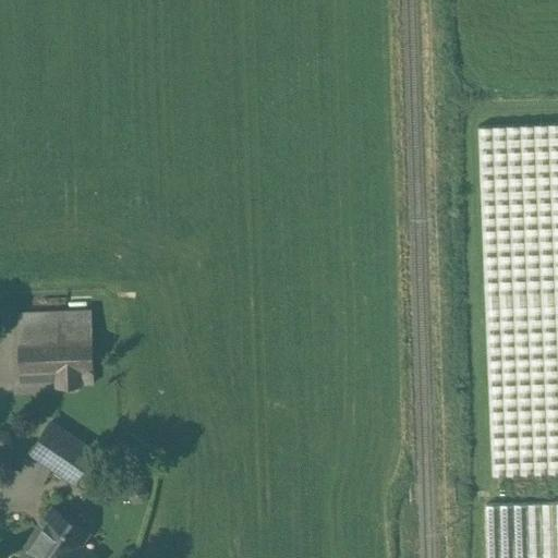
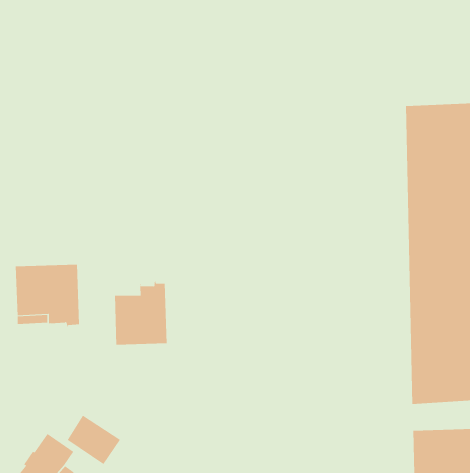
building: none -> [114,281,167,346]
building: [36,423,99,482] -> [67,415,121,465]

